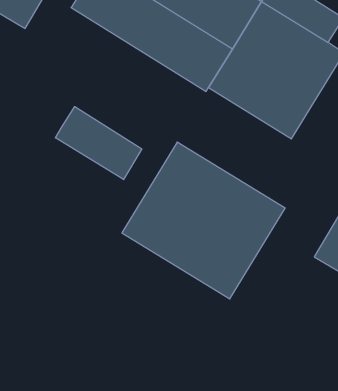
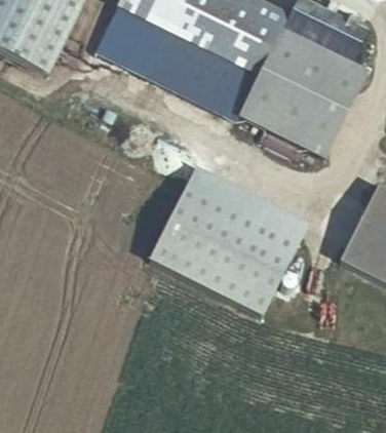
building: [55,107,142,180] -> none

